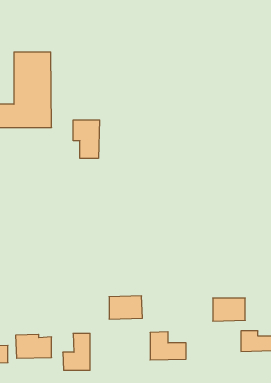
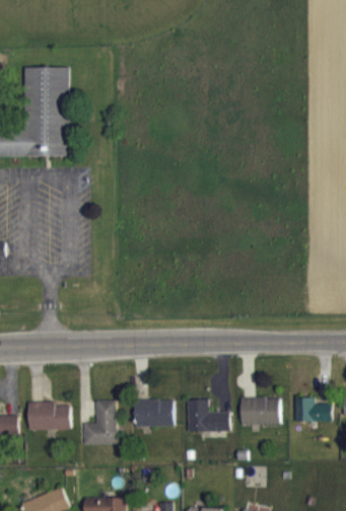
building: [73,120,100,158] -> none
building: [109,296,142,319] -> [134,399,174,427]
building: [213,298,245,321] -> [240,397,279,425]

